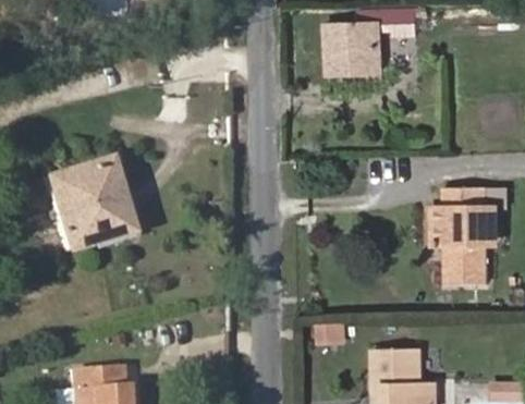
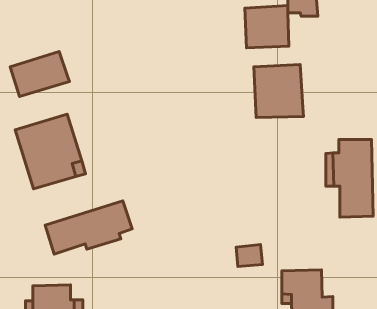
building: none -> [10,52,70,97]
building: none -> [254,64,304,118]
building: none -> [45,201,132,254]

